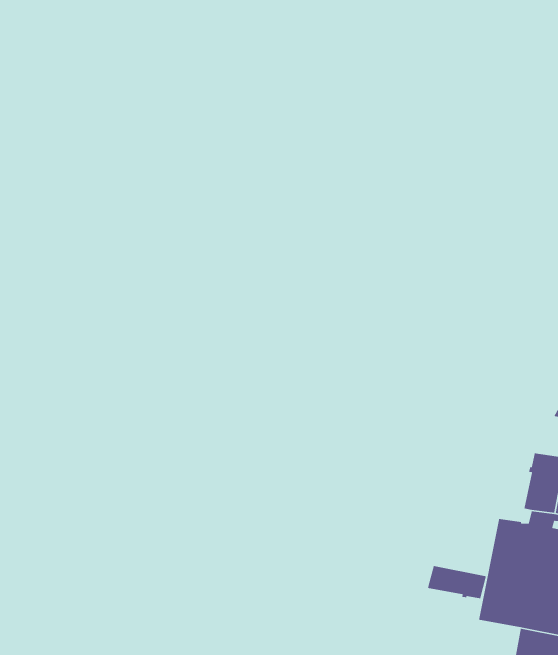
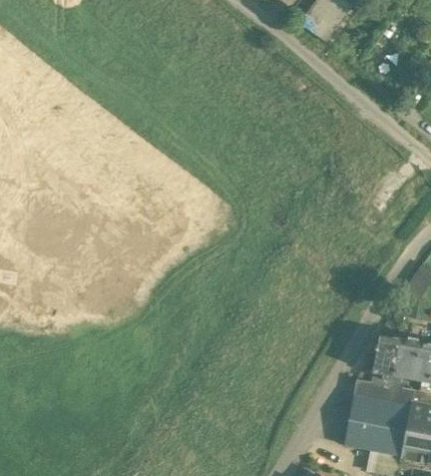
building: [427,565,487,599] -> none

